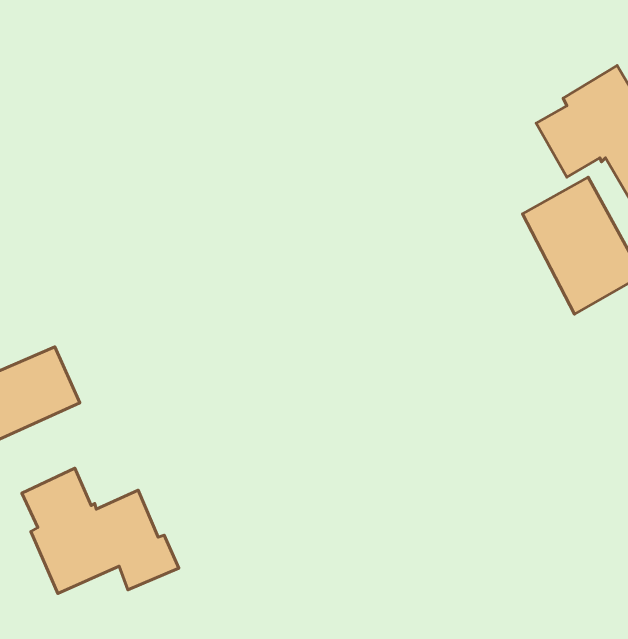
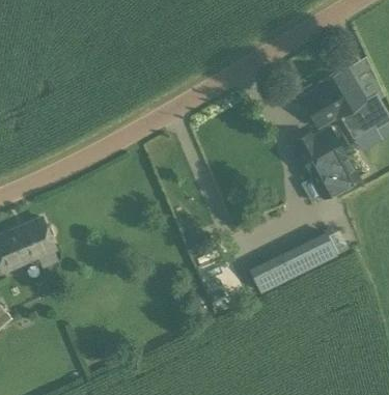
building: none -> [248,234,334,291]
building: [22,468,179,594] -> none

